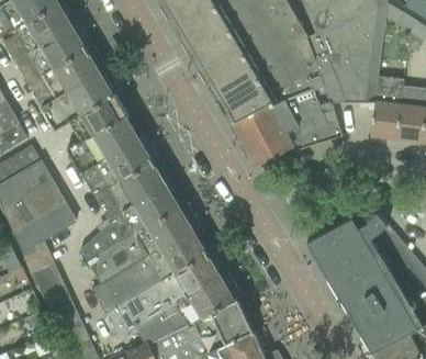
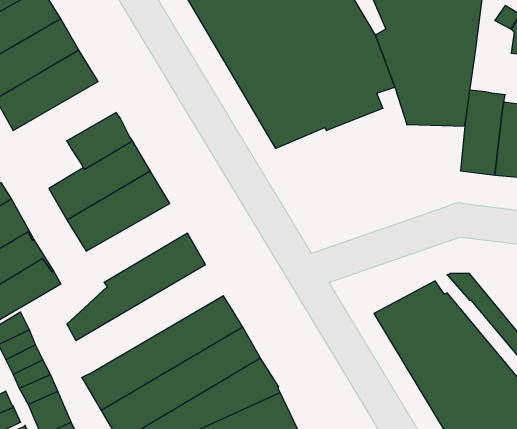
building: [40,70,115,130] -> none
building: [232,75,340,161] -> none
building: [93,160,168,218] -> none
building: [86,205,194,284] -> none

